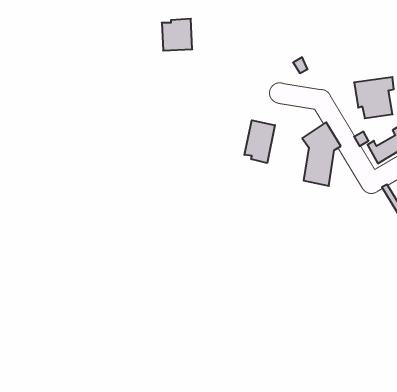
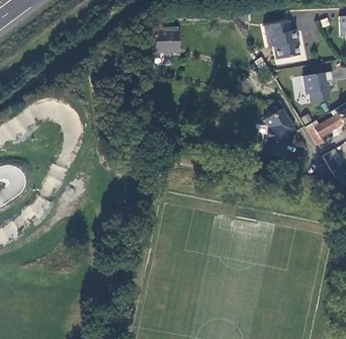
building: none -> [265,20,299,60]
building: [244,120,275,163] -> none

